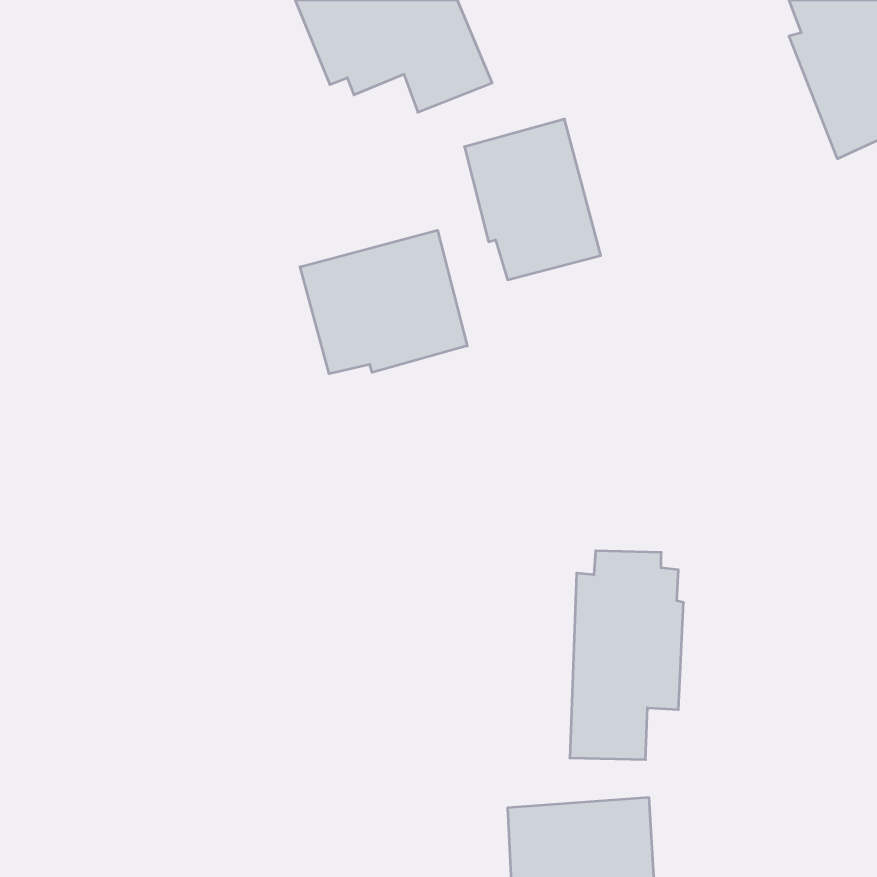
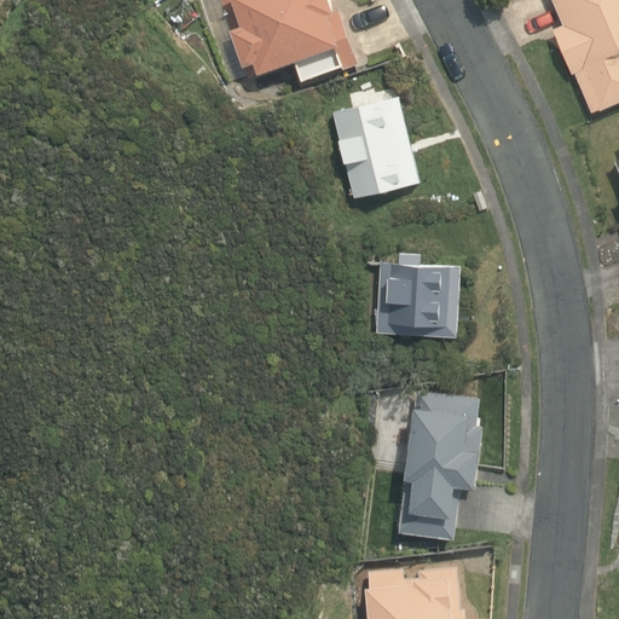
building: [300,230,467,374] -> none
building: none -> [372,248,464,347]

